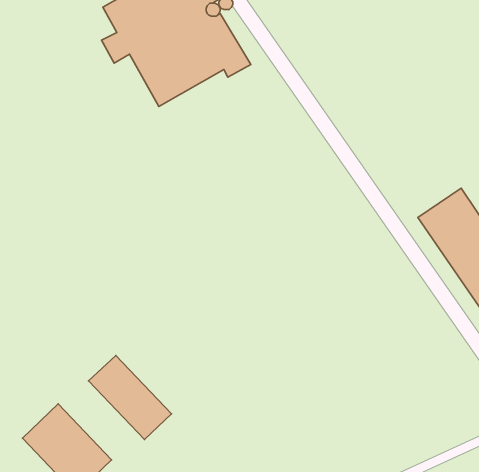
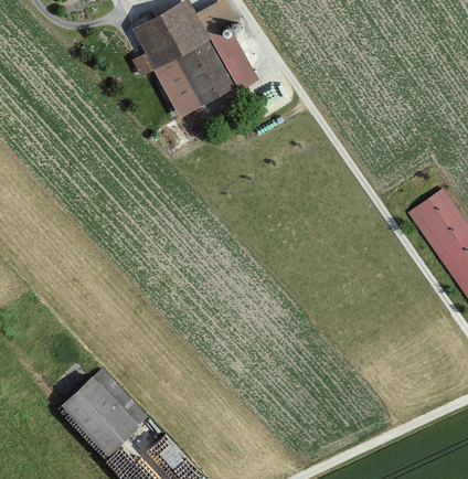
building: [88,355,172,440] -> none

